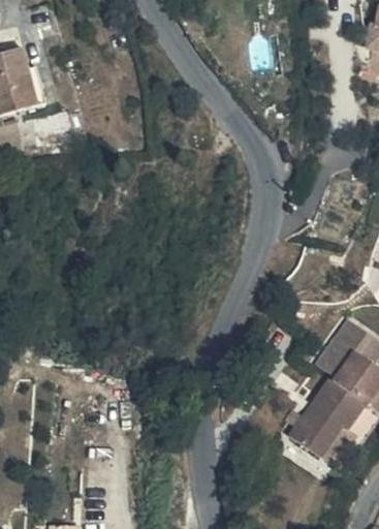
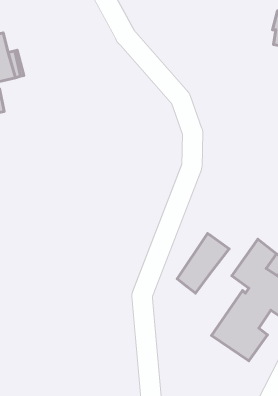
building: none -> [177,234,229,293]

